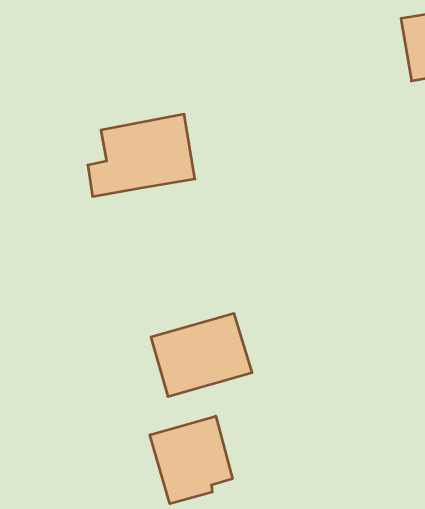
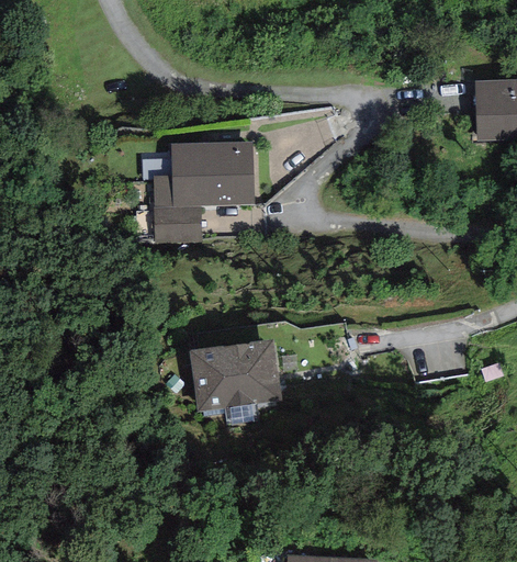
building: none -> [153,204,200,243]
building: [150,416,232,504] -> none

